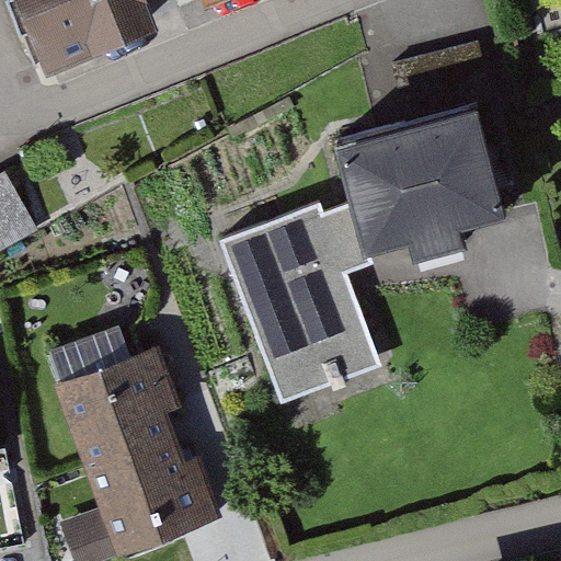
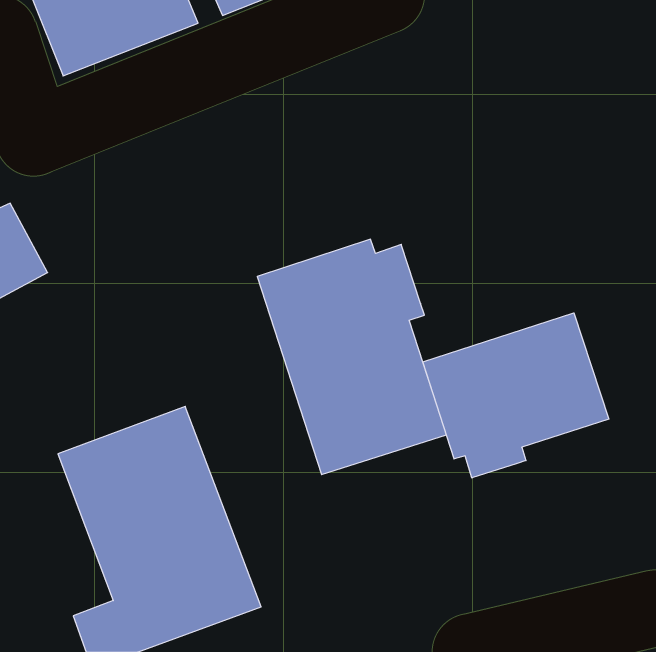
building: [324,108,504,267] -> none
building: none -> [423,313,609,478]

